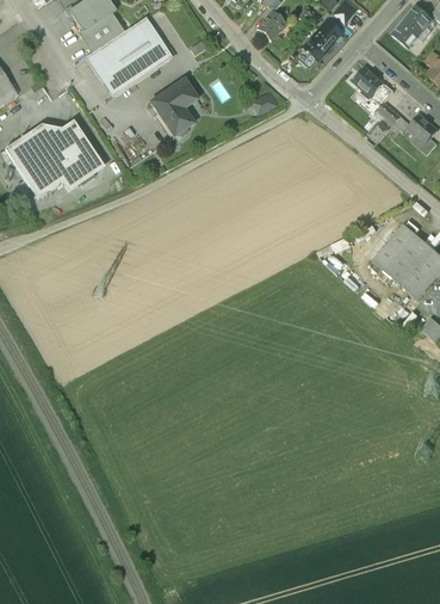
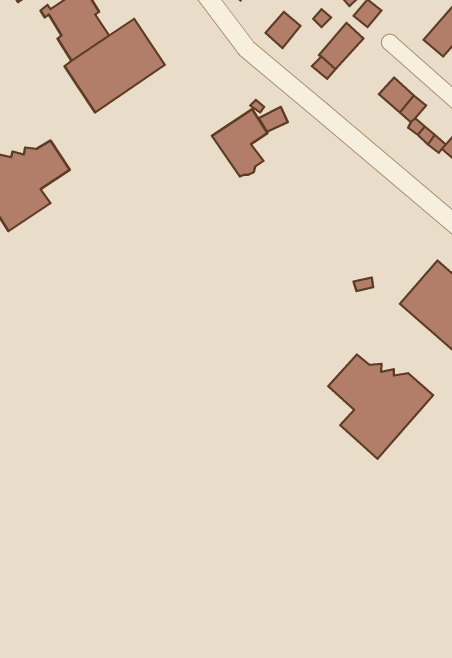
building: [149,79,197,136] -> [212,109,268,176]
building: [64,146,101,180] -> none
building: none -> [328,355,433,459]

